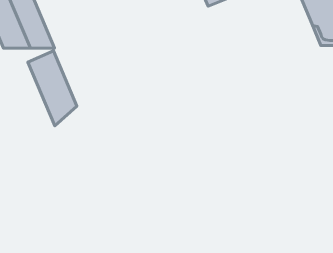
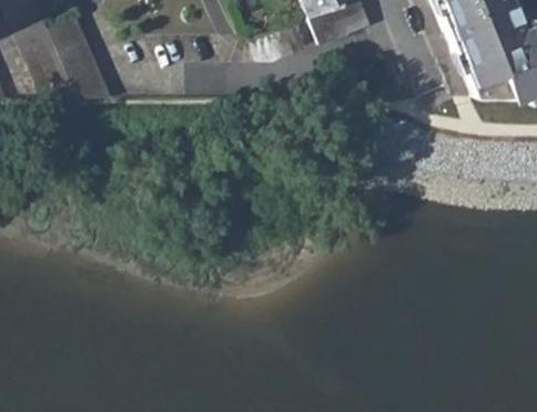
building: [28,51,77,126] -> none

